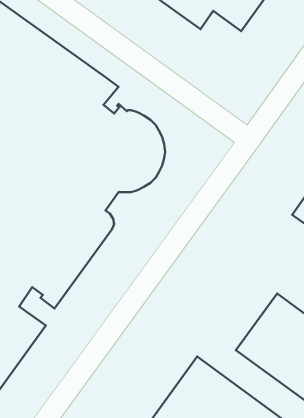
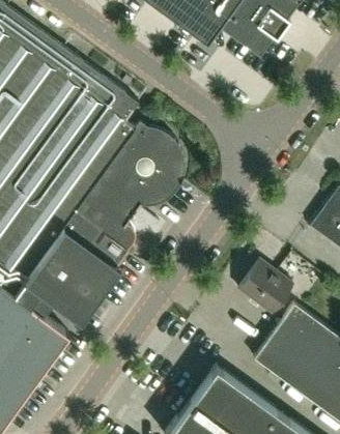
building: none -> [236,262,291,316]

